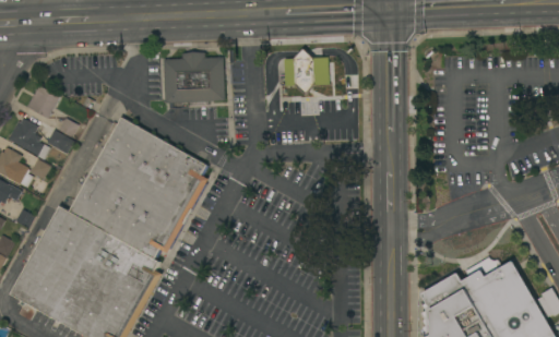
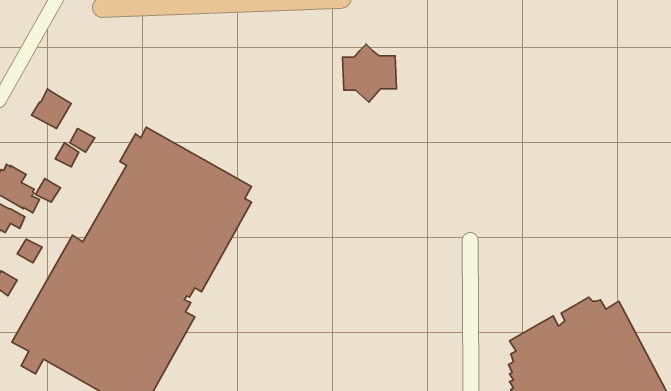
building: [163,52,225,106] -> none
building: [8,119,49,160] -> none

